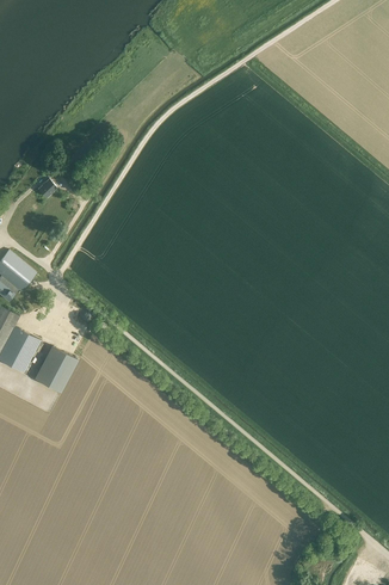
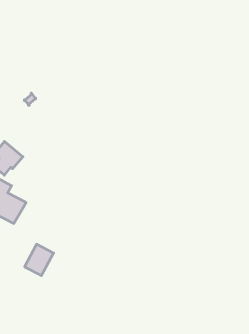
building: [35,345,78,392] -> [25,244,54,276]

